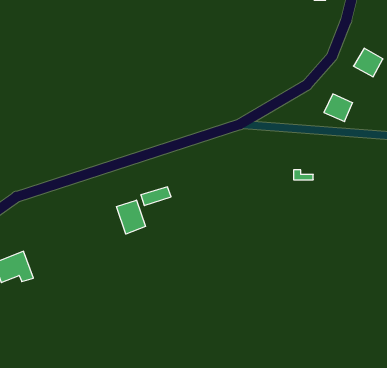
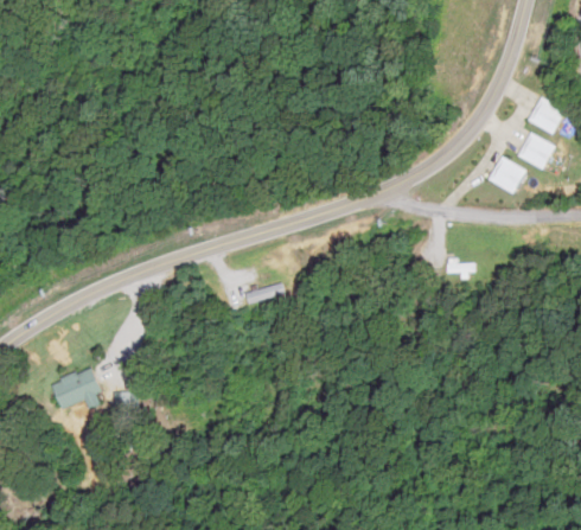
building: none -> [517,132,557,171]
building: [117,200,146,234] -> none

